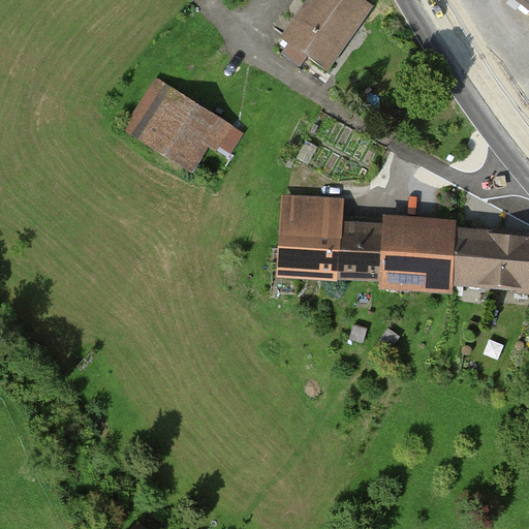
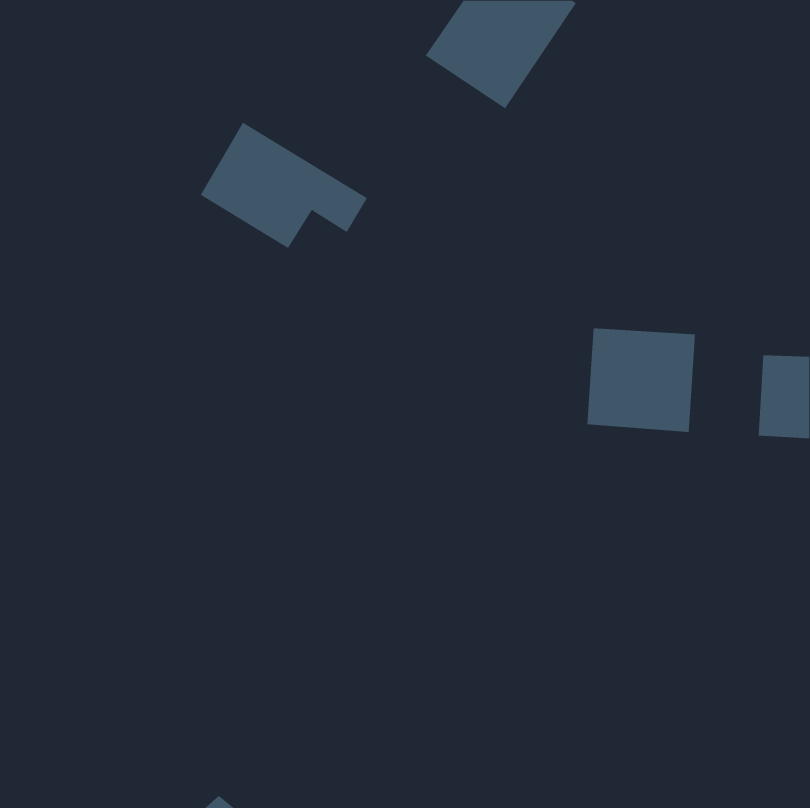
building: [277,194,384,281] -> none
building: [449,229,497,285] -> none

